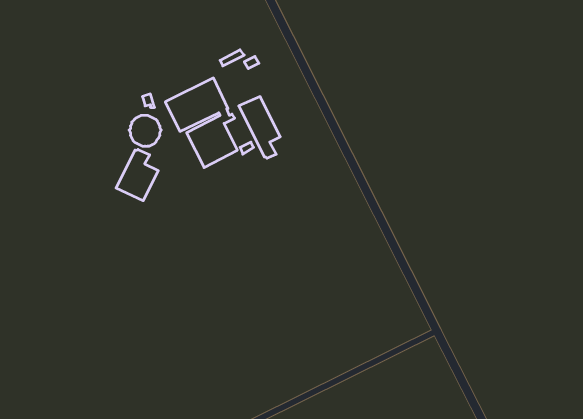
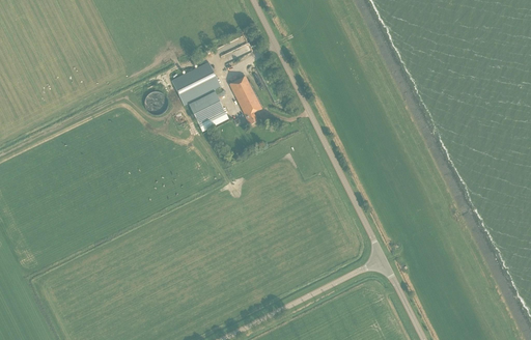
building: [116,149,158,201] -> none

